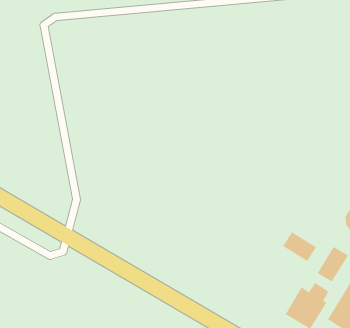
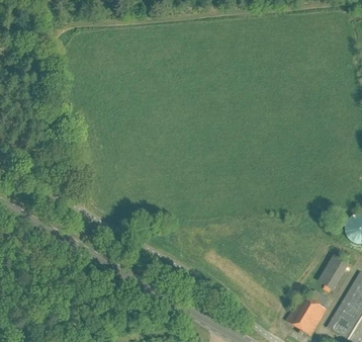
building: [282,232,317,262] -> none

